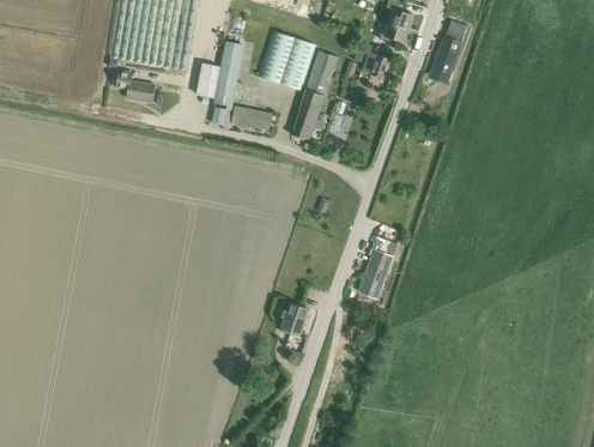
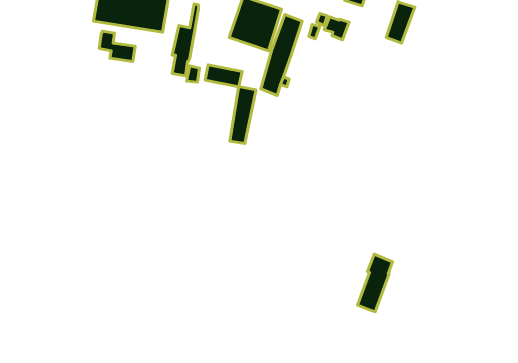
building: [214,43,243,105] -> [230,87,256,143]
building: [358,235,396,298] -> [358,254,393,312]
building: [280,302,309,334] -> none

